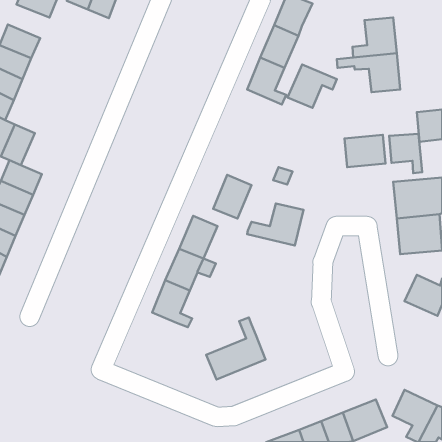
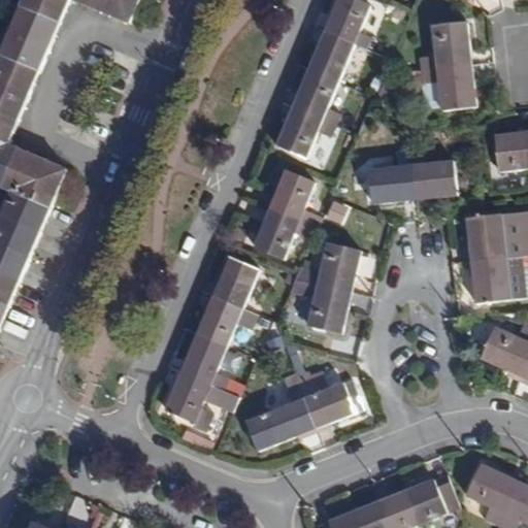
building: none -> [9,5,59,45]
building: [287,64,337,108] -> [275,106,334,158]
building: none -> [25,158,66,206]
building: [389,134,422,173] -> none
building: none -> [367,164,411,202]
building: none -> [269,168,314,220]
building: none -> [287,277,350,333]
building: none -> [294,368,361,426]
building: none -> [164,370,237,431]

